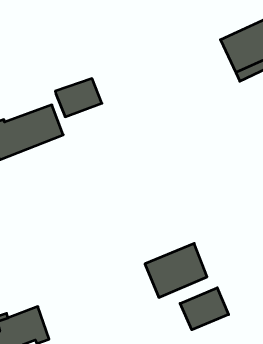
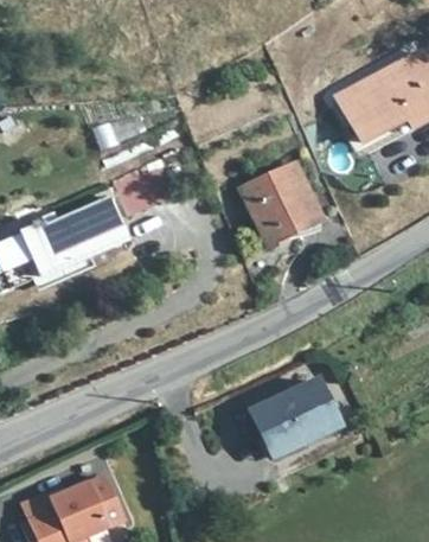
building: none -> [241,162,319,248]
building: [180,288,229,330] -> none

